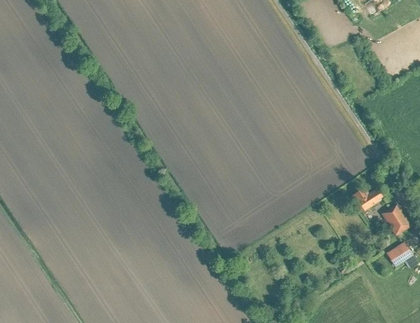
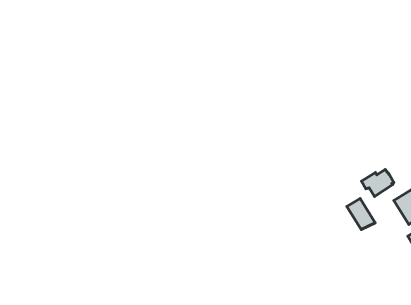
building: none -> [347,198,375,230]

